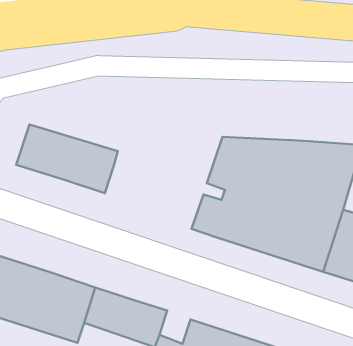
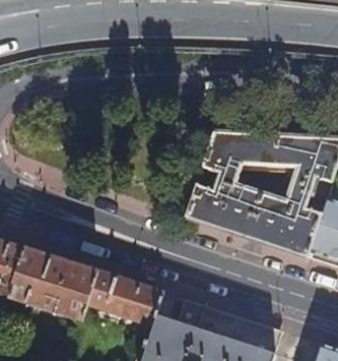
building: [16,125,118,193] -> none

